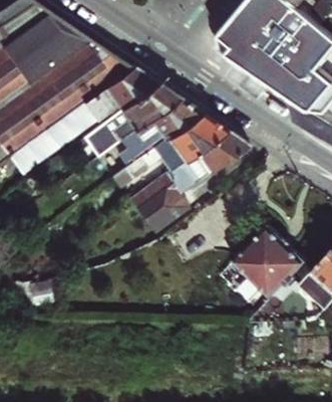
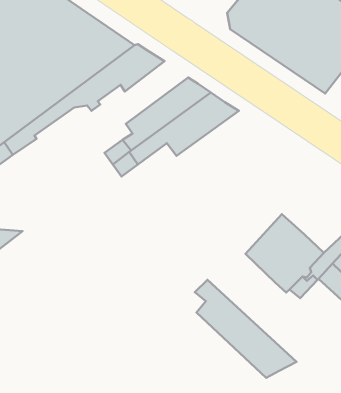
building: [93,82,180,158] -> none
building: [129,129,248,233] -> none
building: none -> [195,280,297,378]

